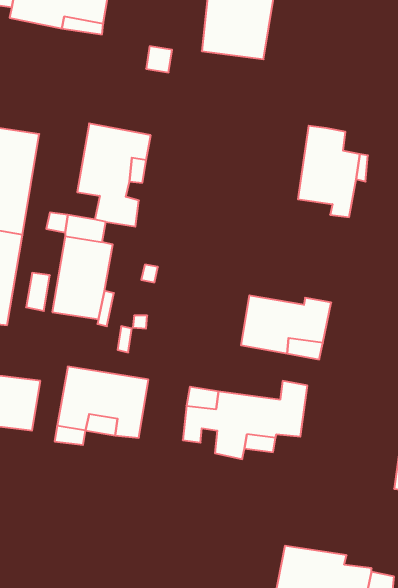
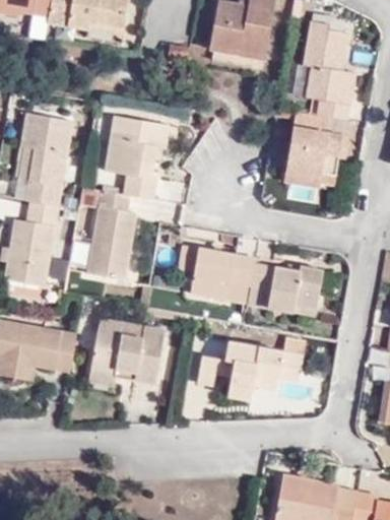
building: none -> [308,23,354,120]
building: none -> [175,241,253,320]

